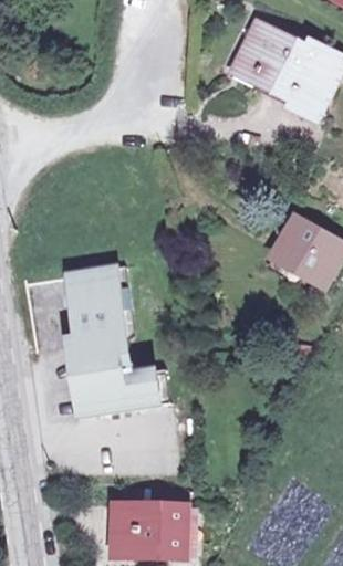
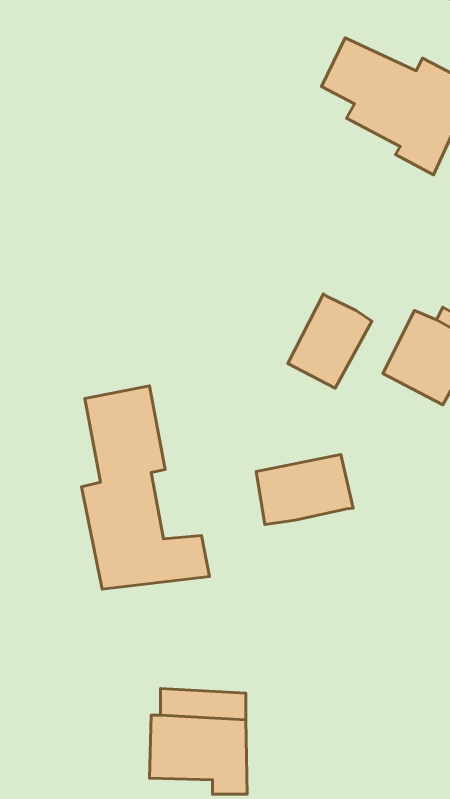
building: none -> [288,294,372,388]
building: none -> [256,455,353,525]

